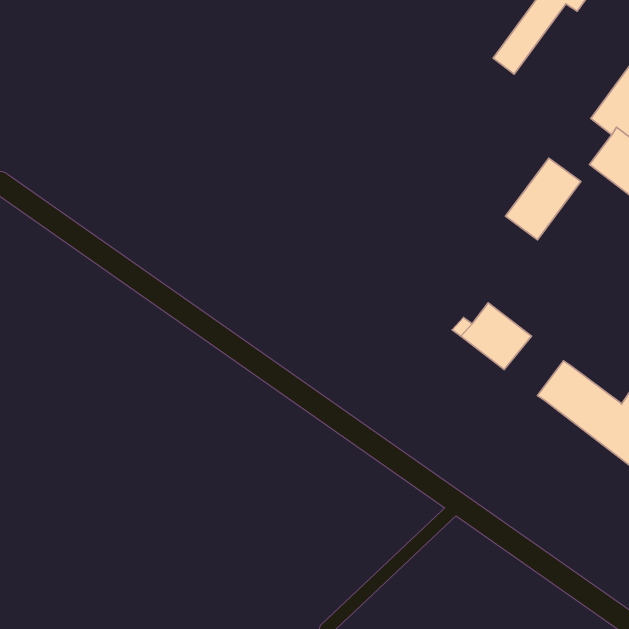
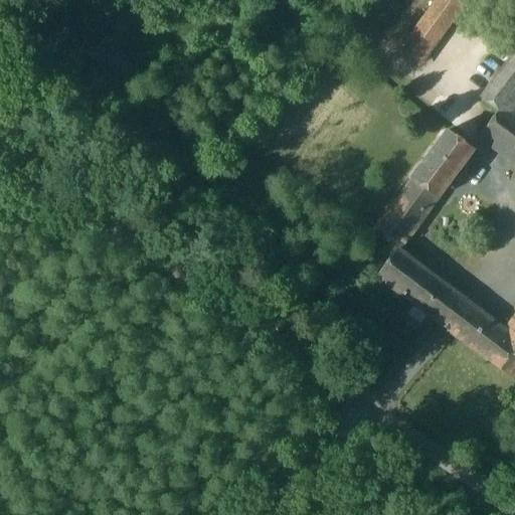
building: none -> [374,176,440,247]
building: none -> [412,274,461,322]

